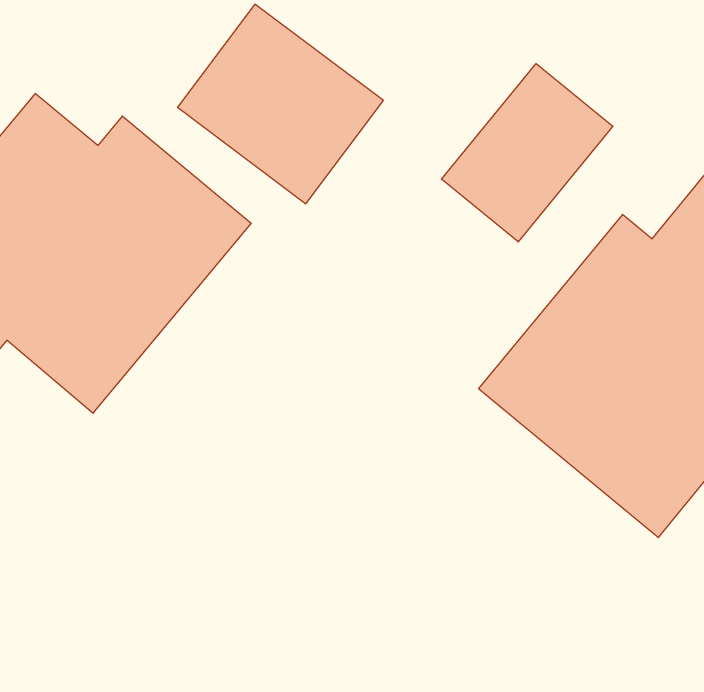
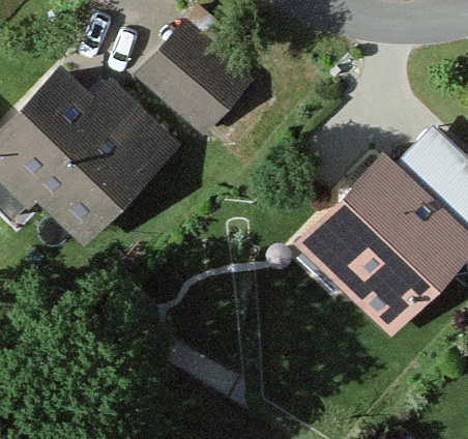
building: [441,64,613,242] -> none

